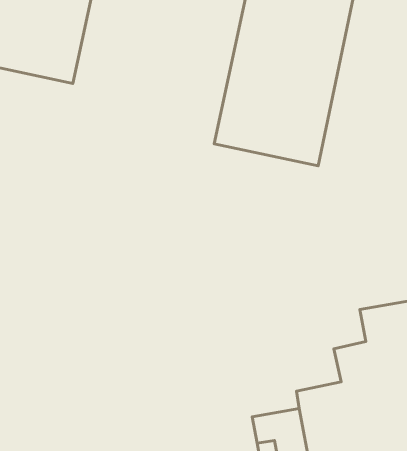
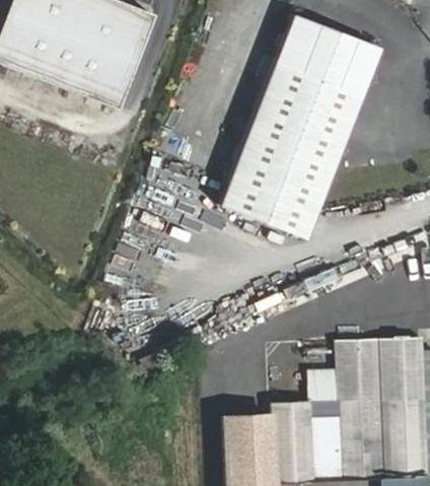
building: none -> [224,180,319,237]

